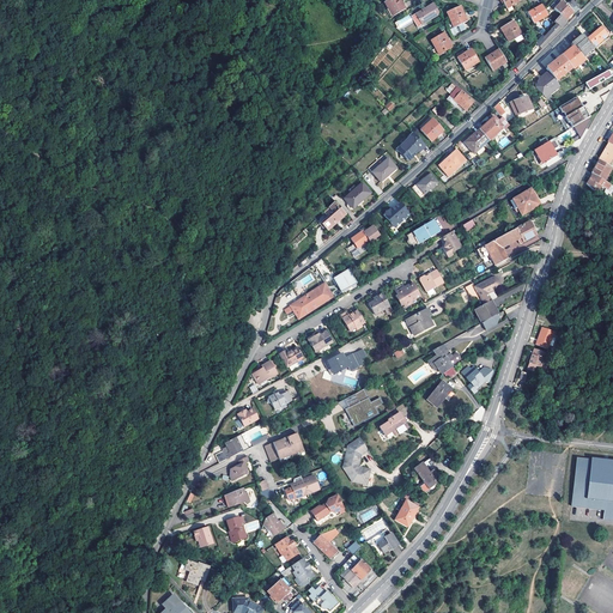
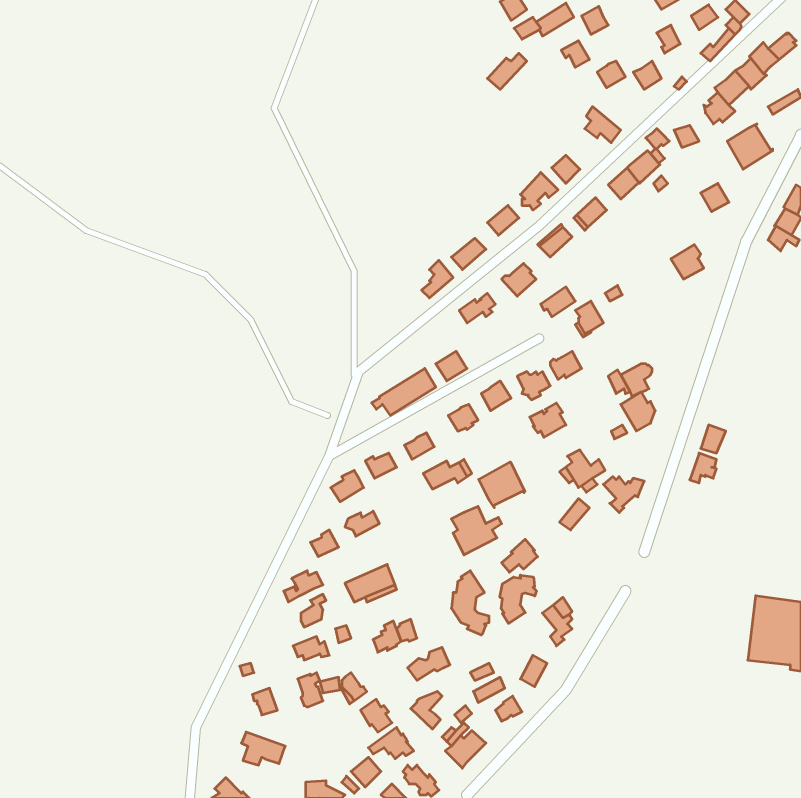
building: [477,220,536,265] -> none
building: none -> [479,462,525,508]
building: none -> [500,575,536,623]

